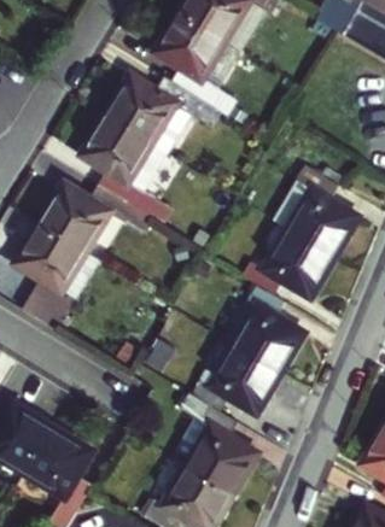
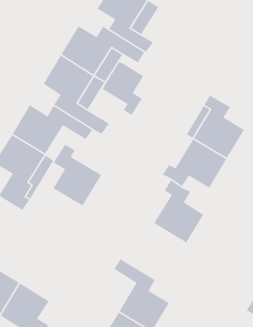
building: none -> [101,61,144,116]
building: none -> [52,143,102,207]
building: [191,344,279,412] -> none

